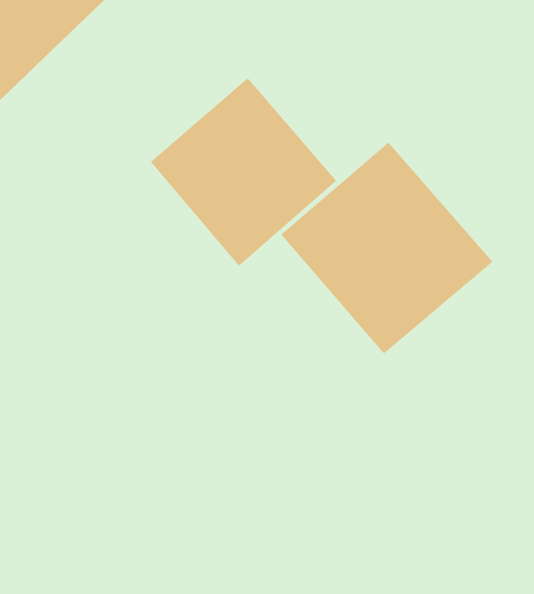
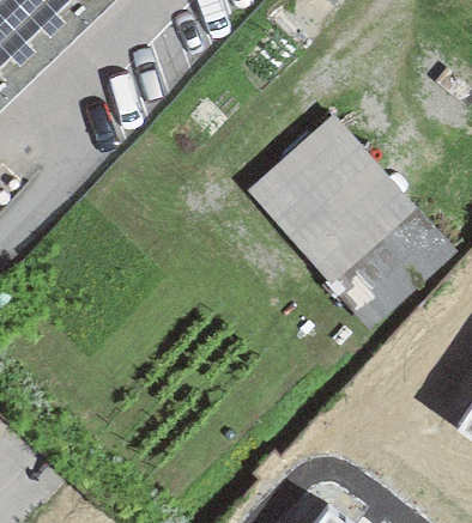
building: [150,77,337,267] -> none

